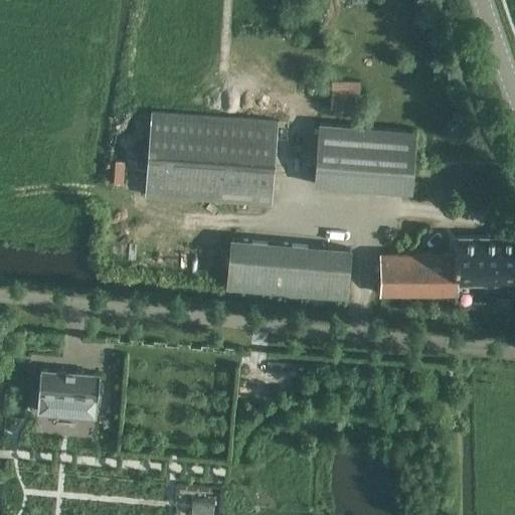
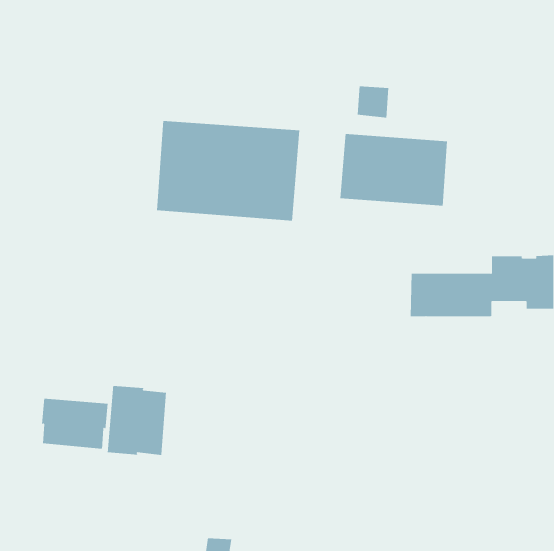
building: [227,241,351,301] -> none
building: none -> [107,385,167,456]

